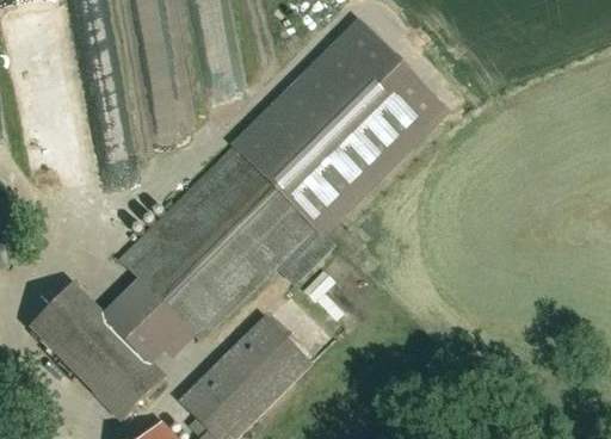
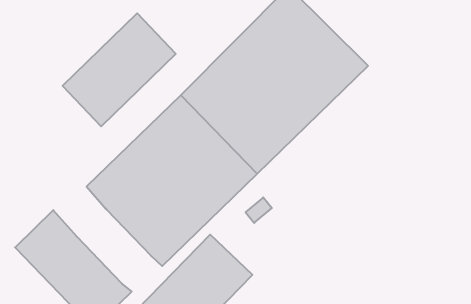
building: none -> [63,13,176,126]
building: [103,280,193,371] -> none

